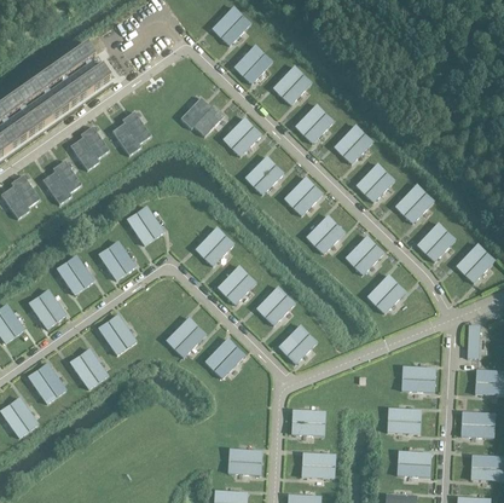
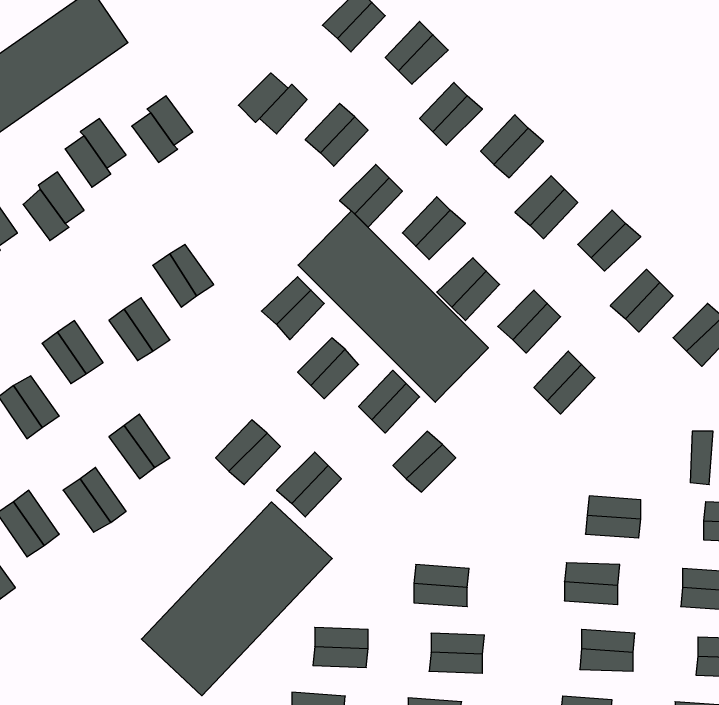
building: none -> [298,211,488,402]
building: none -> [141,502,332,696]

